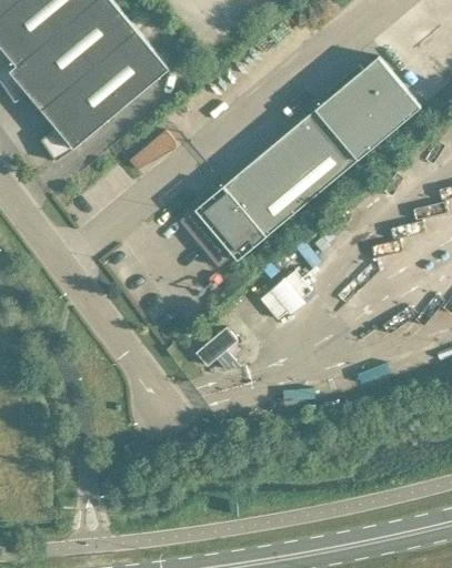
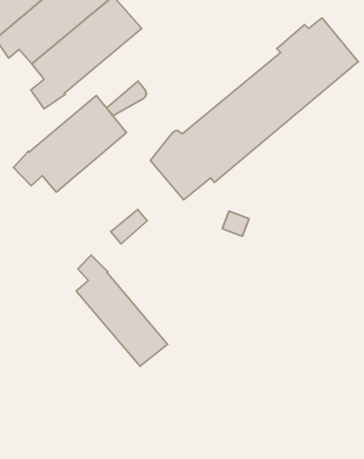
building: none -> [13,96,126,192]
building: [195,326,238,366] -> [111,209,147,244]
building: none -> [76,255,168,366]

